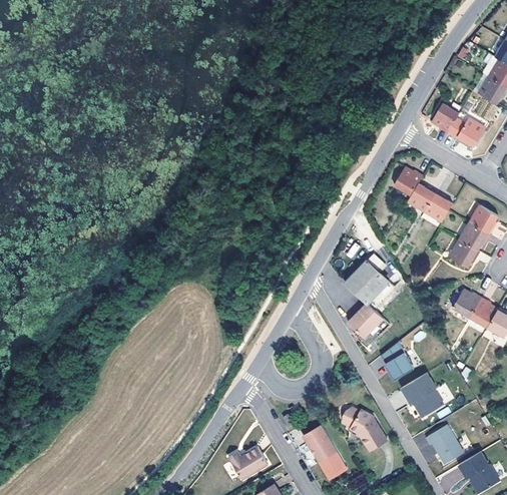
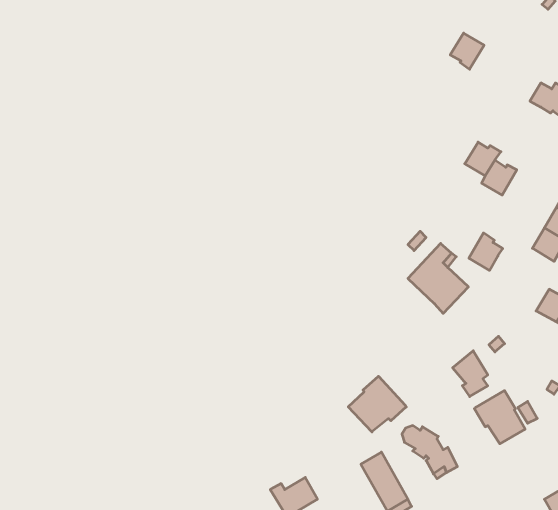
building: [430,104,458,134] -> [450,33,484,69]
building: [423,191,451,222] -> [469,233,503,270]
building: [348,303,388,347] -> none
building: none -> [348,376,406,432]
building: [426,425,464,464] -> none

